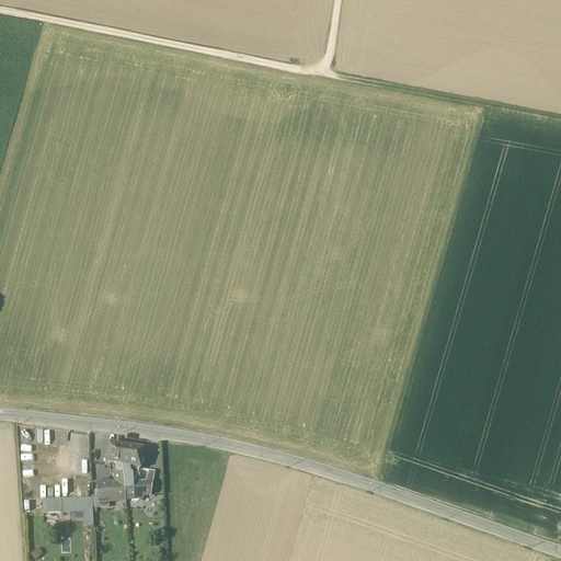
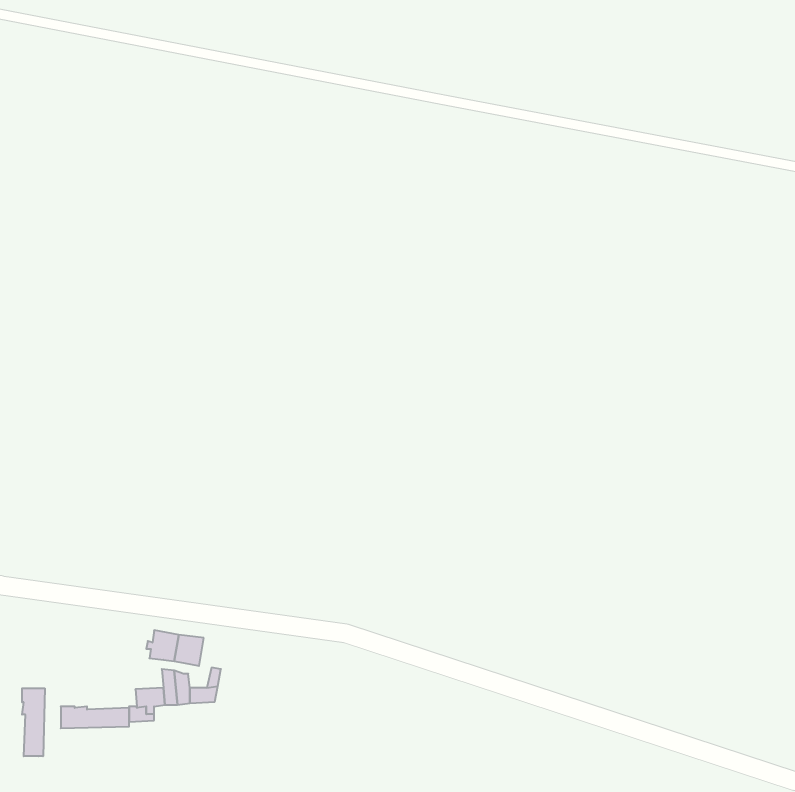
building: none -> [22,688,45,756]

